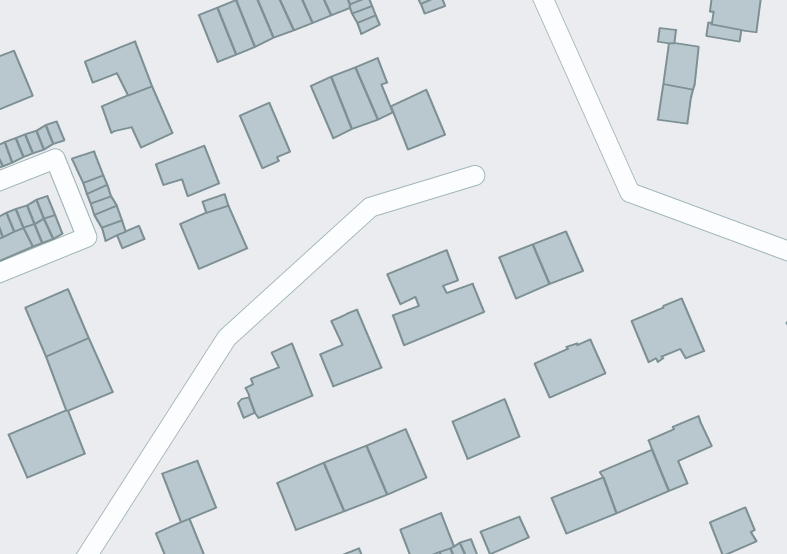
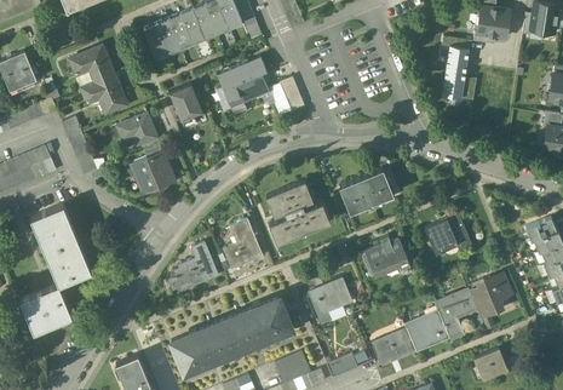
building: none -> [470,274,510,315]
building: [162,461,216,522] -> [172,332,207,372]

